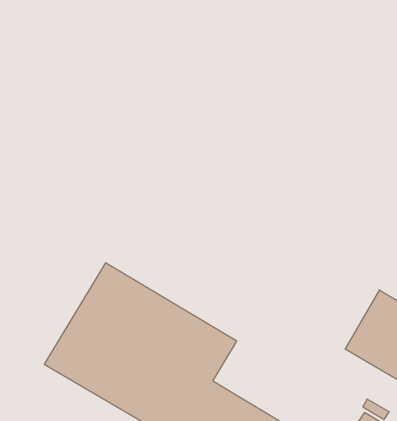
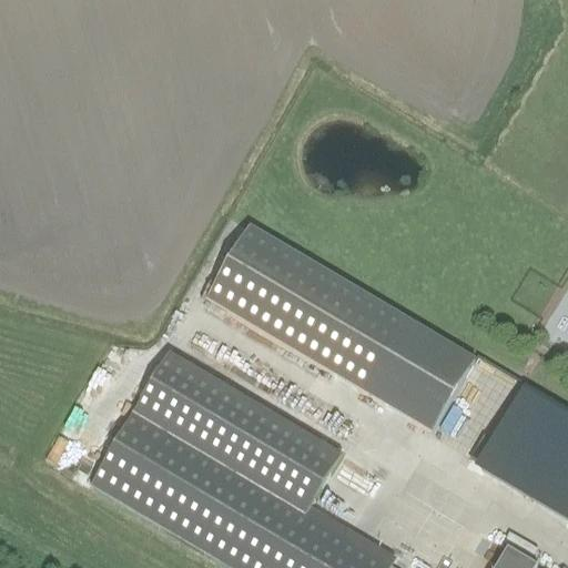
building: none -> [206,222,475,429]

